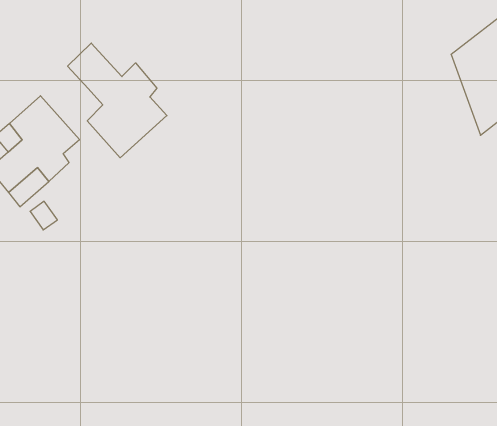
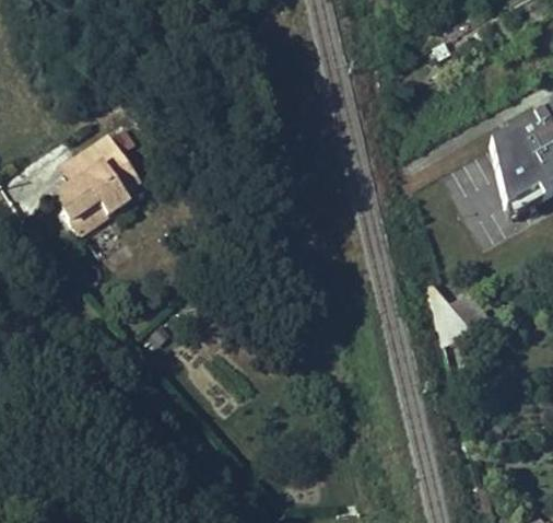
building: [68,43,167,158] -> none

